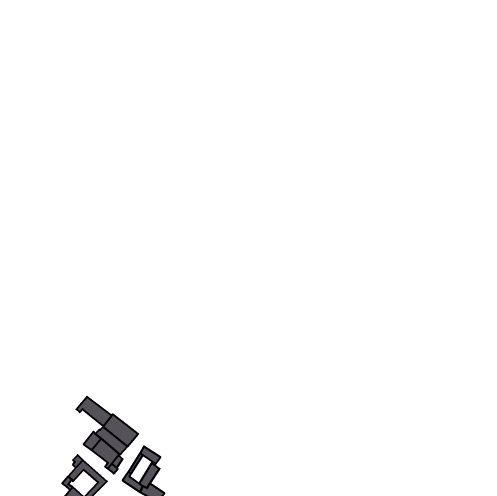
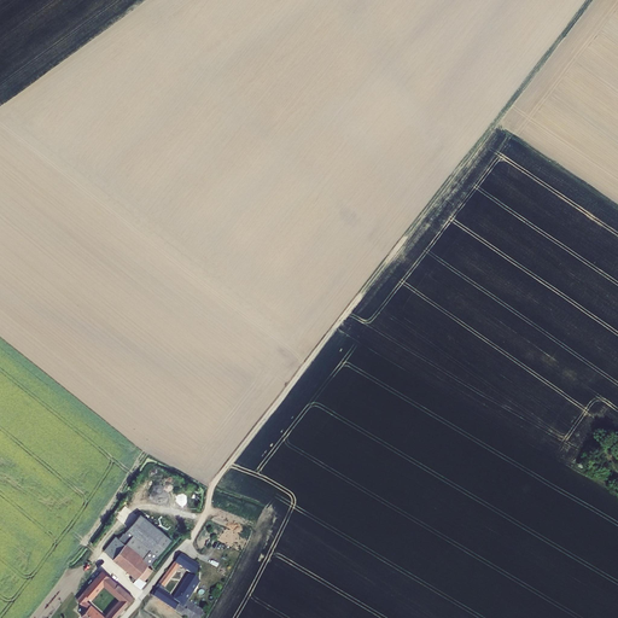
building: [76,397,112,426] -> none

